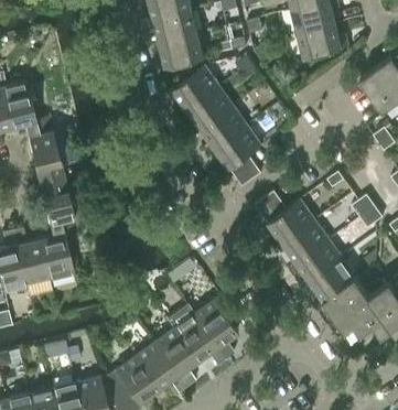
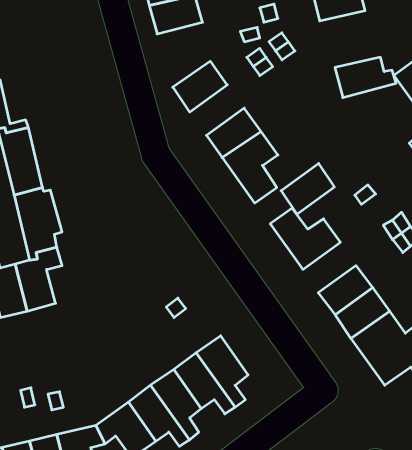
building: [297,23,348,57] -> [335,57,396,98]
building: [159,33,203,67] -> none
building: [186,86,233,129] -> none
building: [282,219,327,262] -> [281,163,334,214]

